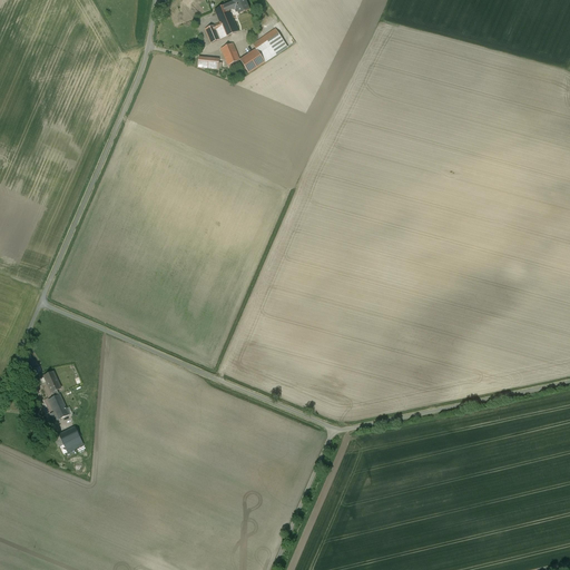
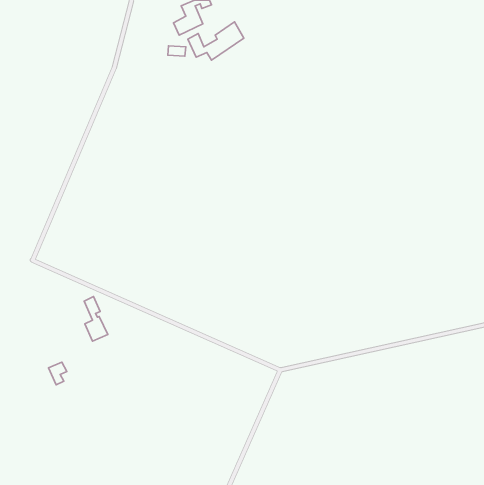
building: [41,368,69,421] -> [84,296,108,341]

